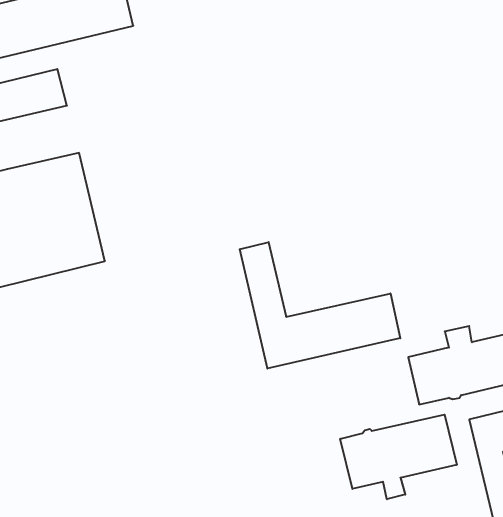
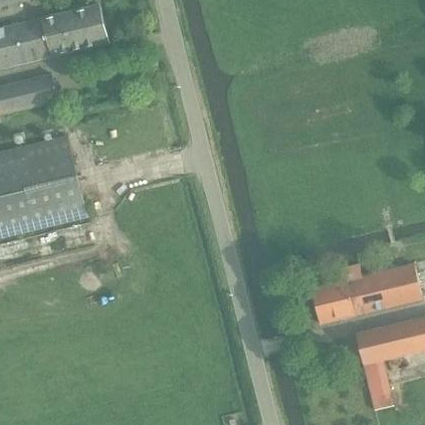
building: [240,242,400,369] -> none
building: [340,415,457,499] -> none

